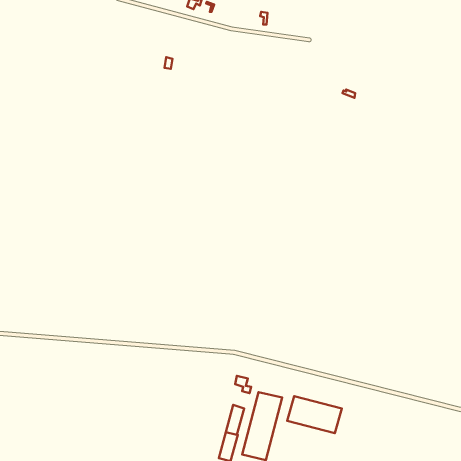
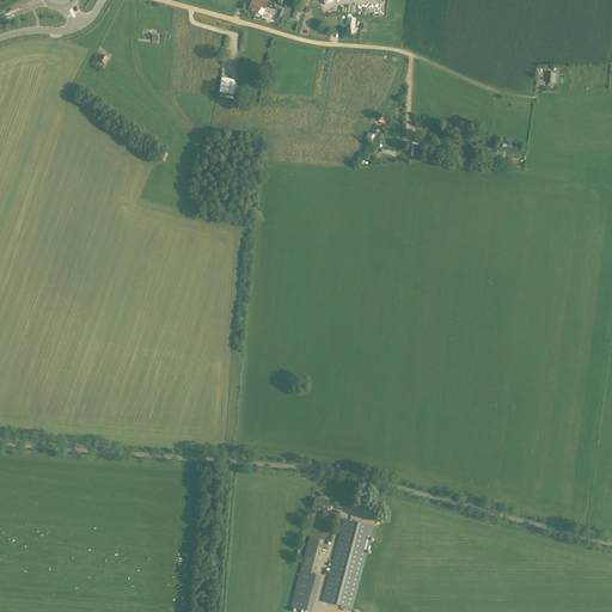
building: [287,396,342,433] -> none

